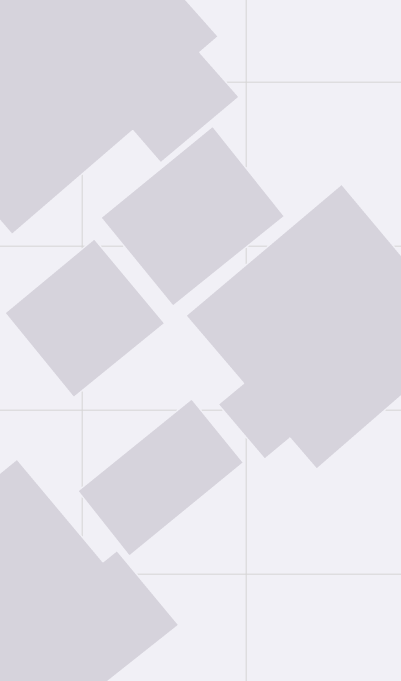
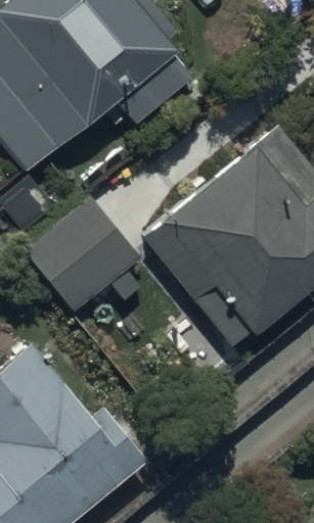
building: [101,126,285,306] -> none
building: [78,399,244,556] -> none

